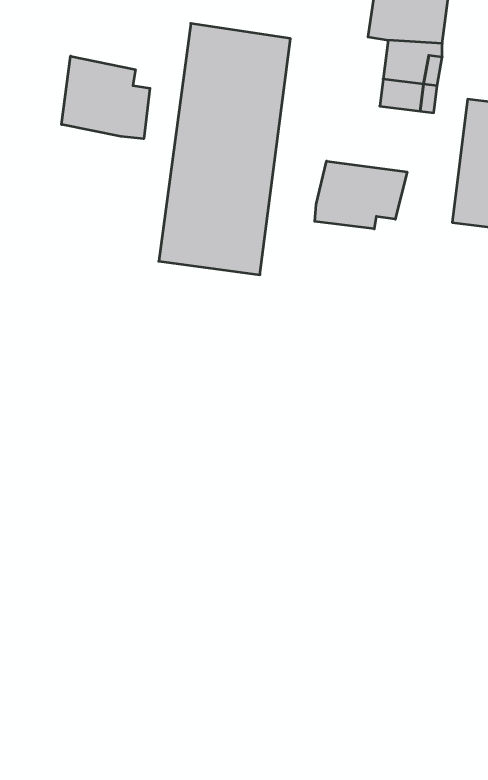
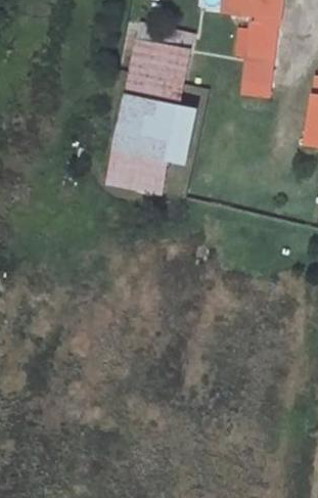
building: [62,56,150,139] -> none
building: [315,161,407,229] -> none

